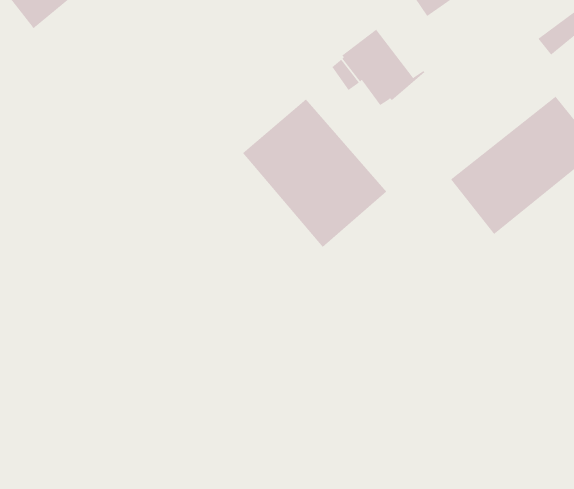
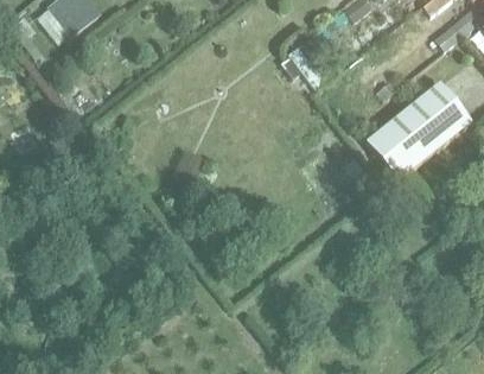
building: [242,99,387,248] -> none

